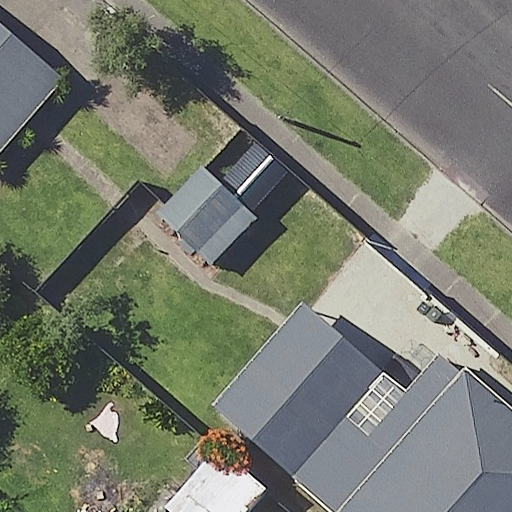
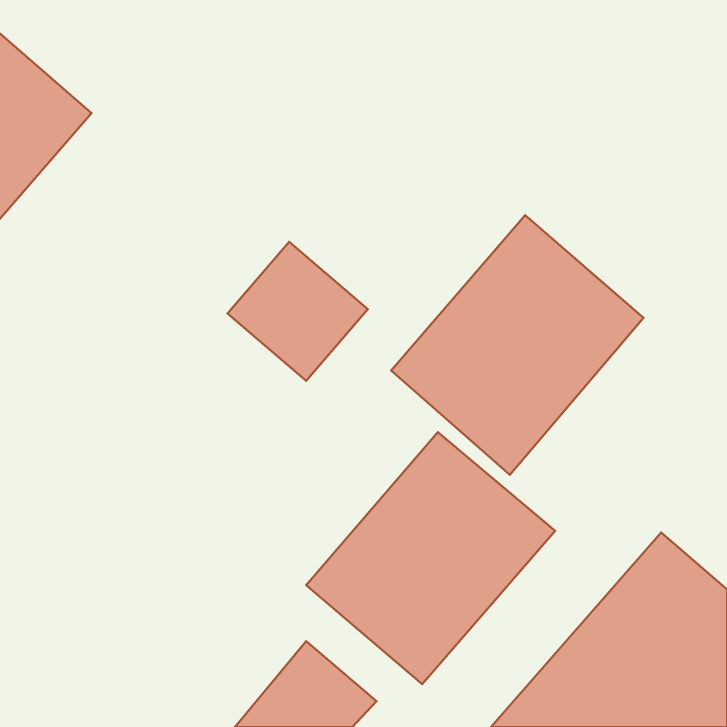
building: none -> [391,215,643,475]

